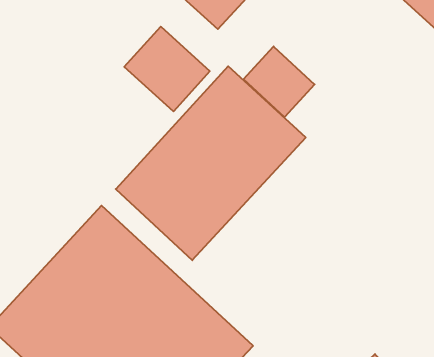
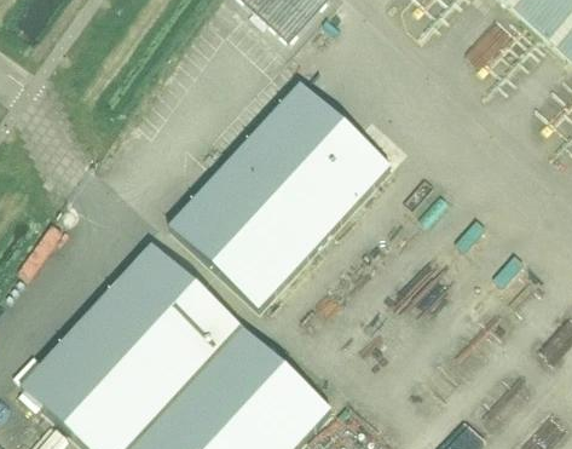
building: [124,27,210,111] -> none
building: [244,46,315,117] -> none

